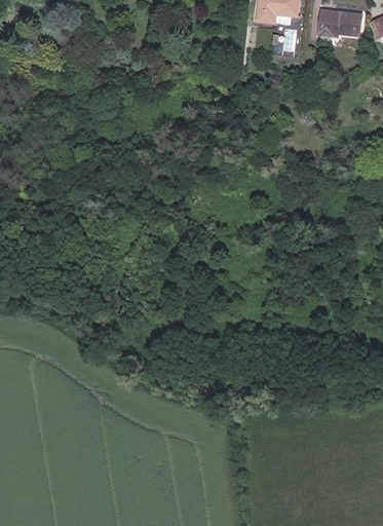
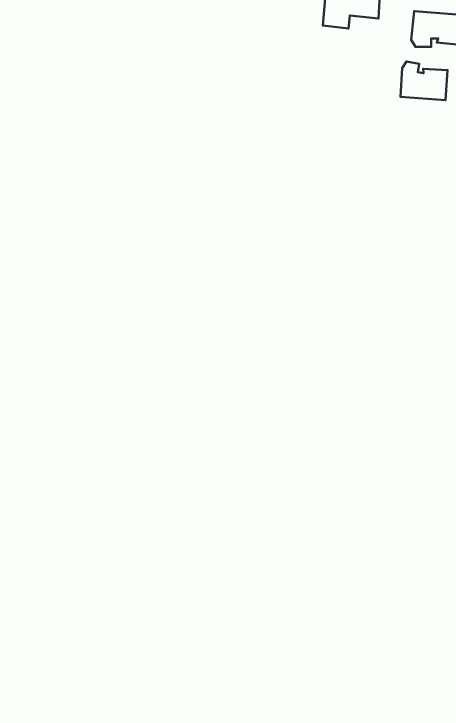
building: none -> [400,62,447,100]

